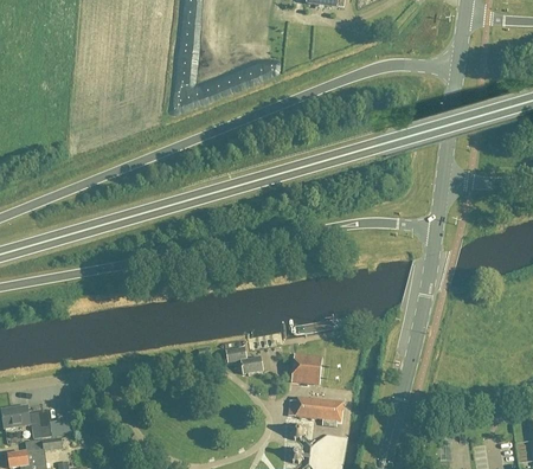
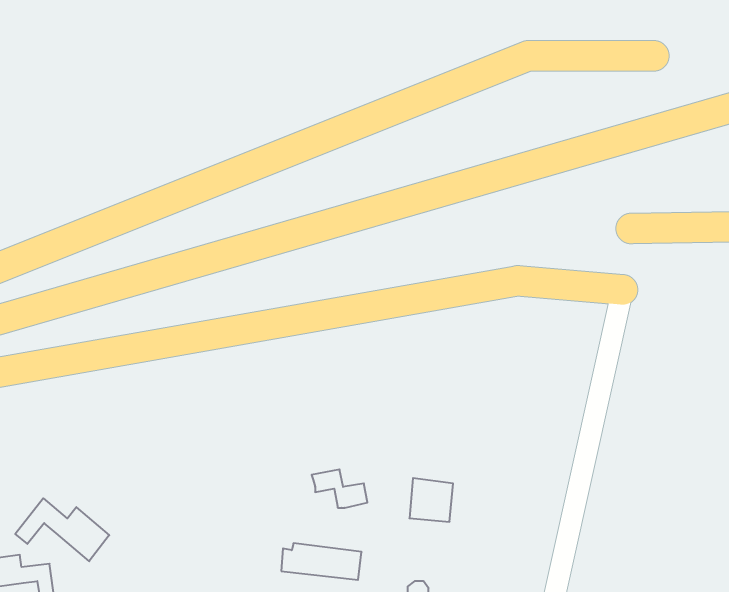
building: none -> [15,498,109,561]
building: [289,396,343,420] -> [281,543,362,580]

